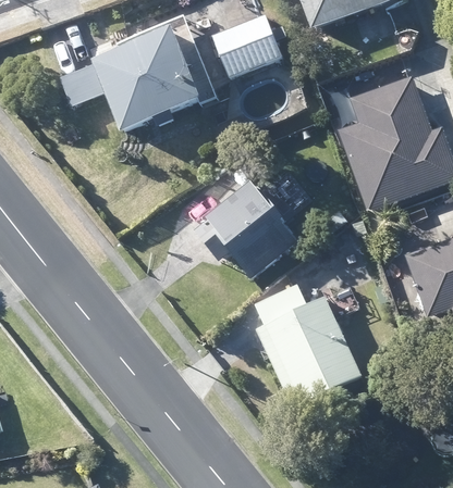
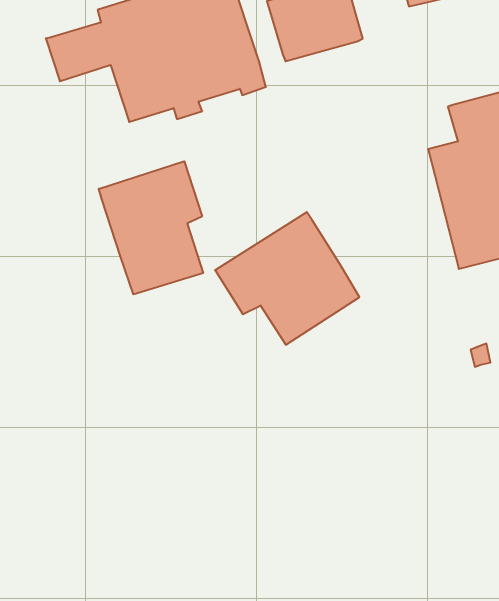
building: none -> [99,161,203,294]
building: [254,283,363,409] -> none

